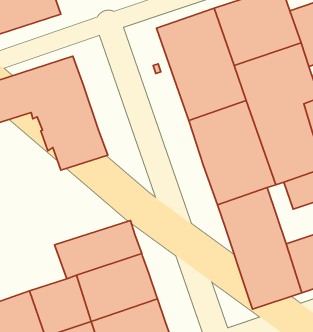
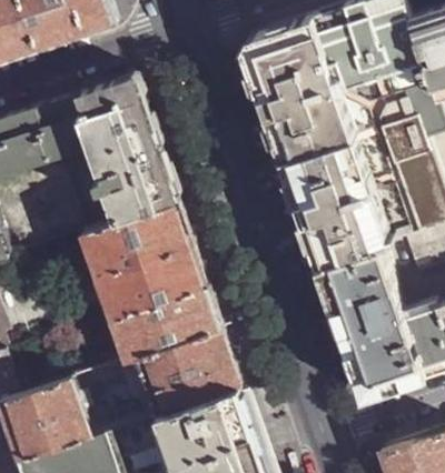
building: none -> [79,203,205,318]

